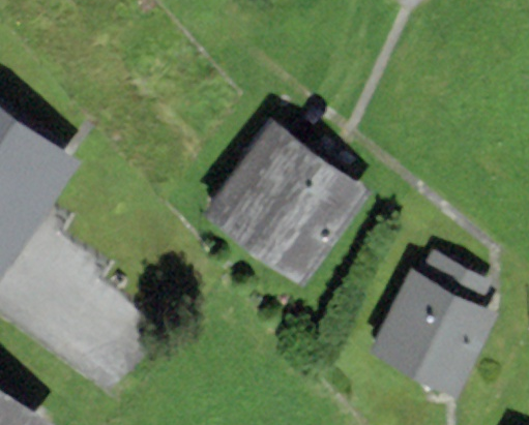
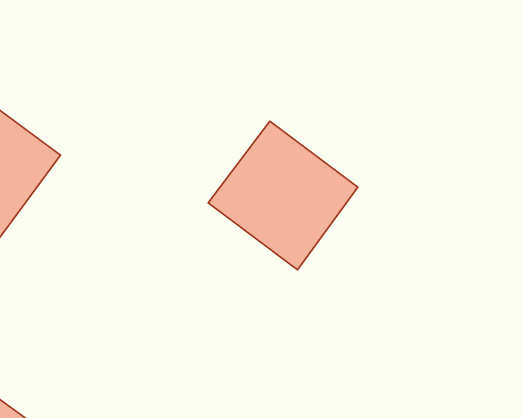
building: [373,264,487,391] -> none

